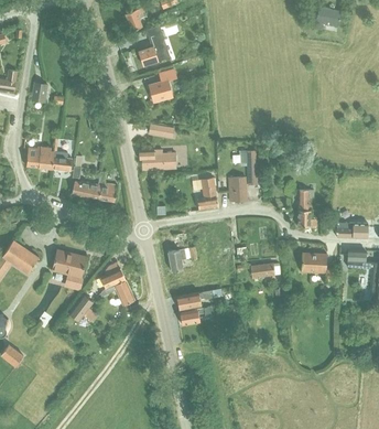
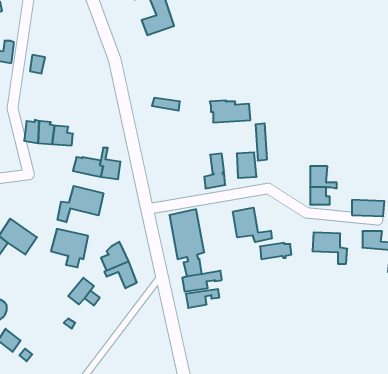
building: [148,69,175,101] -> none
building: [137,149,175,170] -> [210,100,250,122]
building: none -> [57,186,103,222]
building: none -> [233,208,272,242]

